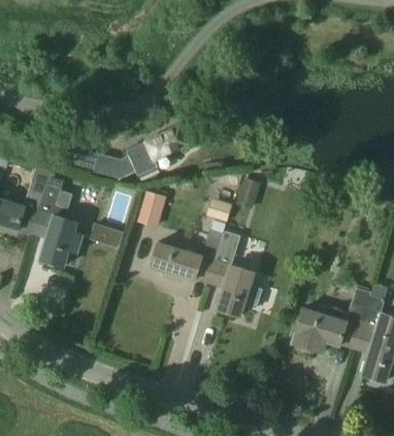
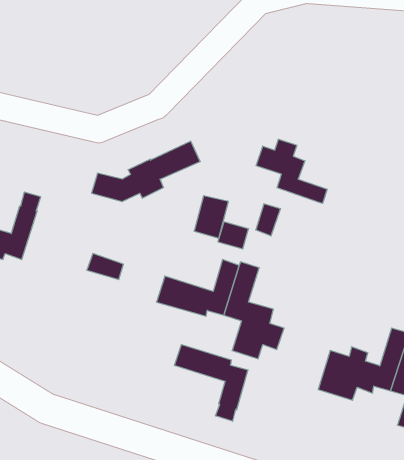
building: none -> [256,139,327,203]
building: [33,174,84,265] -> none
building: [136,191,166,228] -> [194,196,228,238]
building: none -> [175,345,248,421]

